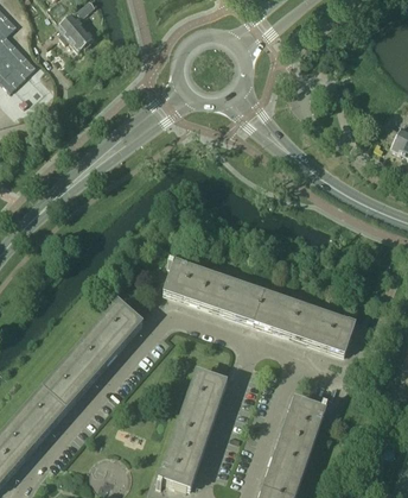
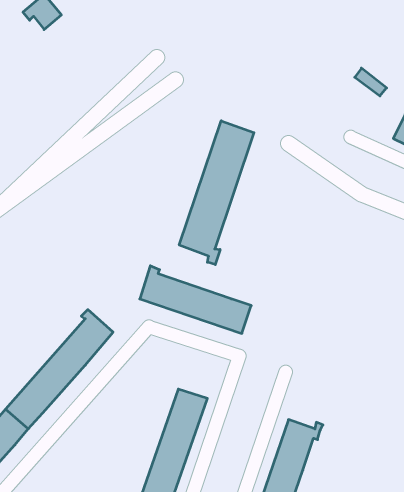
building: none -> [179,121,254,265]
building: [255,296,356,352] -> none

